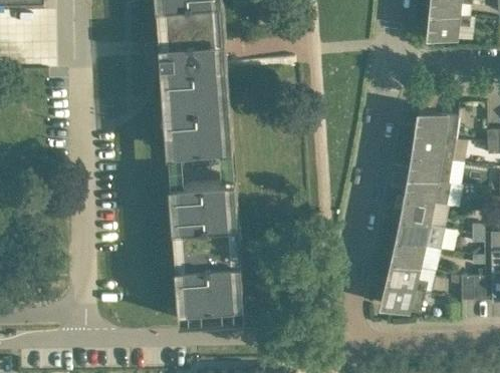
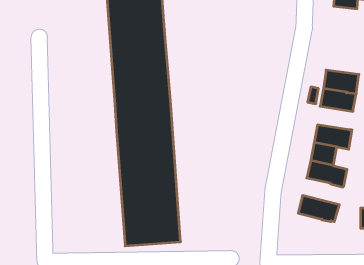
building: [408,154,450,182] -> none
building: [390,240,423,268] -> none
building: [380,282,424,314] -> none

